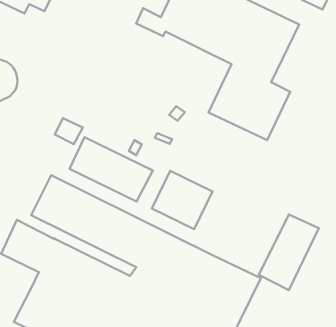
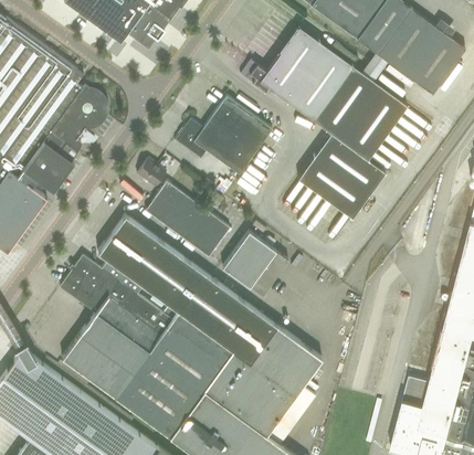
building: none -> [173,96,272,174]
building: [259,215,319,290] -> none

